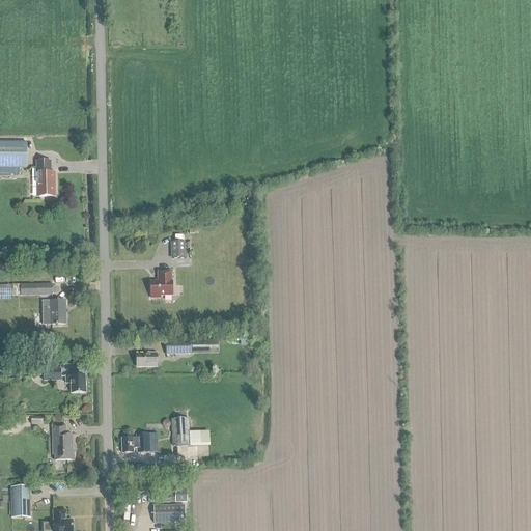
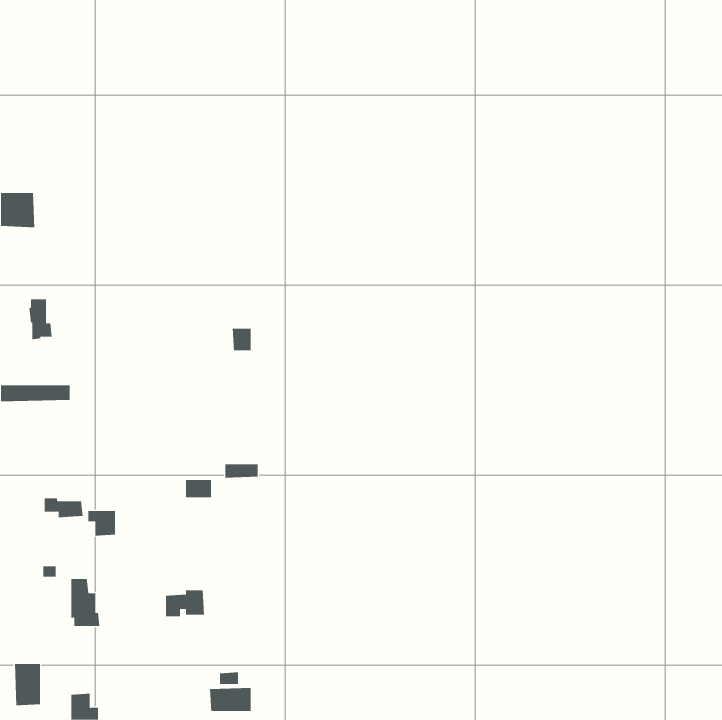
building: [36,166,54,196] -> [29,299,53,340]
building: [150,269,172,296] -> none
building: [41,299,65,324] -> none
building: [171,417,190,445] -> none

